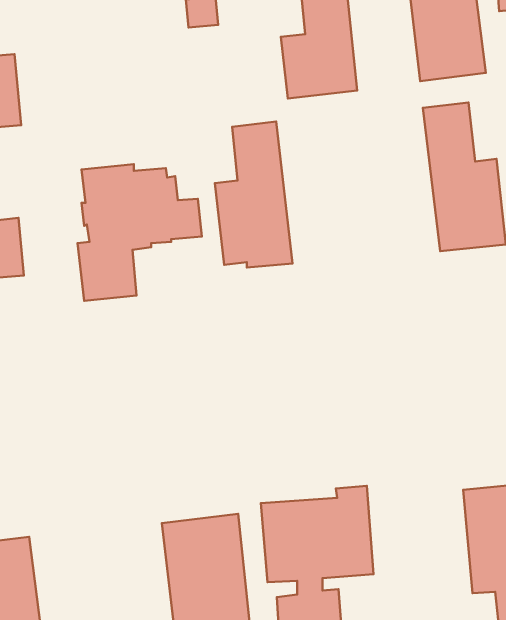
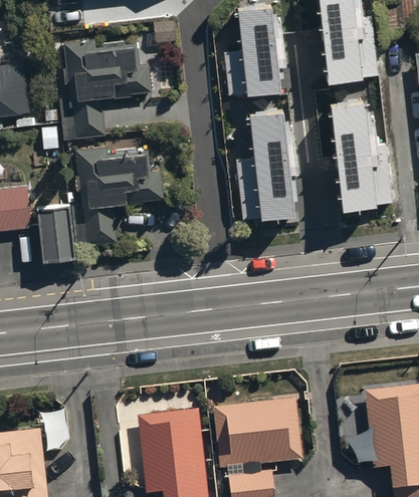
building: none -> [60,38,155,142]
building: [215,121,292,268] -> [238,111,296,221]
building: none -> [38,209,74,267]

